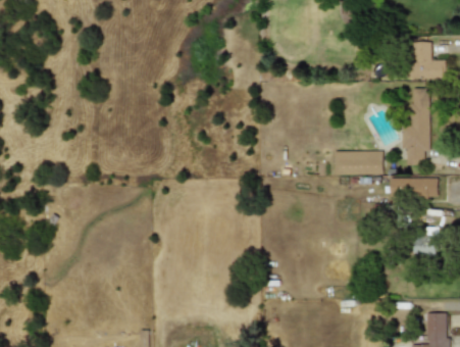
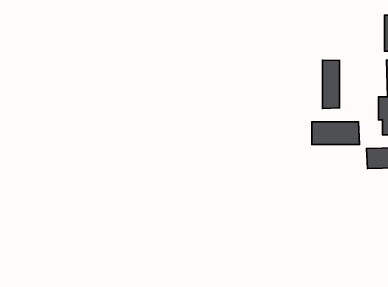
building: none -> [323,60,339,108]

